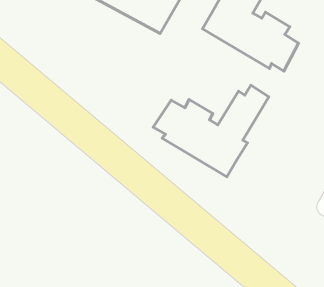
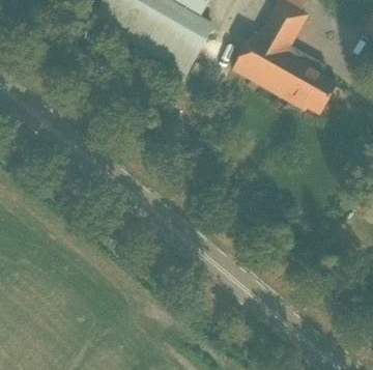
building: [153,85,269,177] -> none

